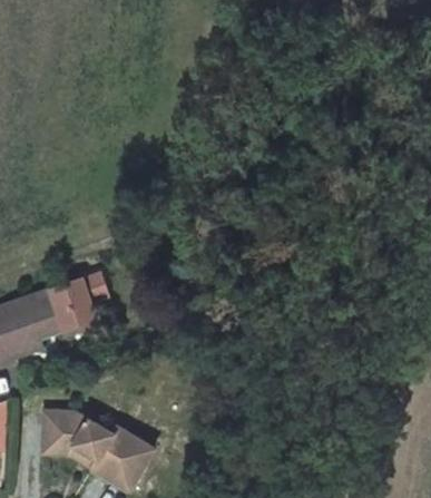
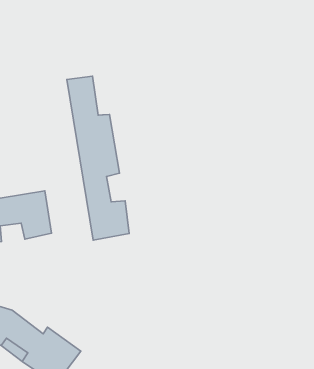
building: none -> [67,76,129,240]

